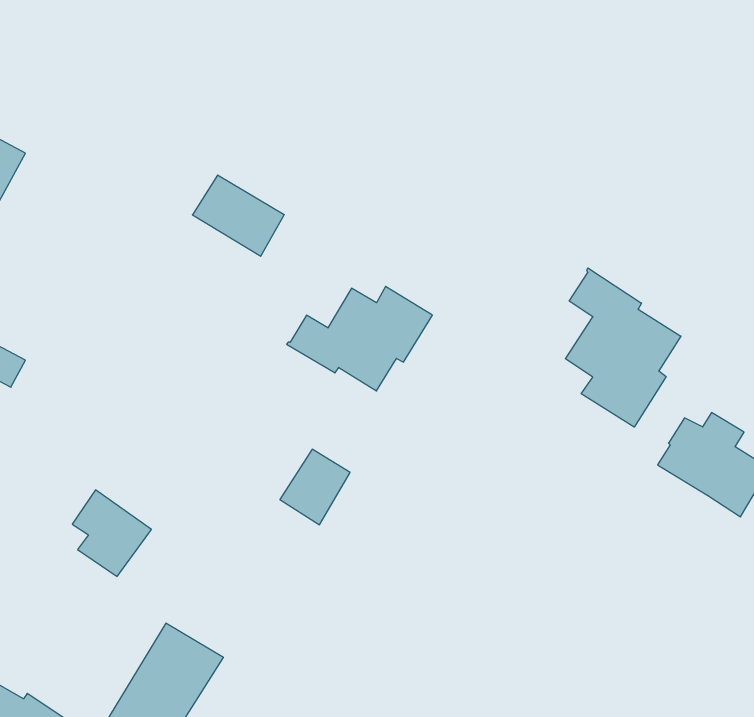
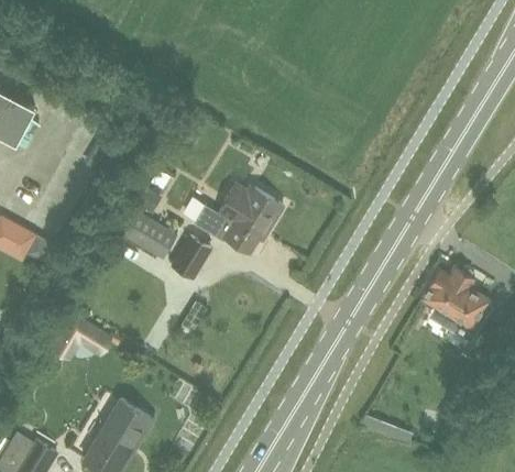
building: [192,175,284,256] -> [120,212,176,262]
building: [565,268,681,427] -> none
building: [280,449,350,525] -> [169,237,212,283]

